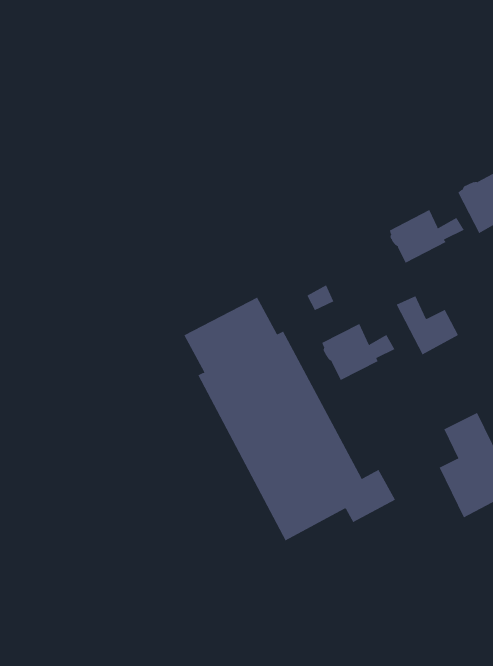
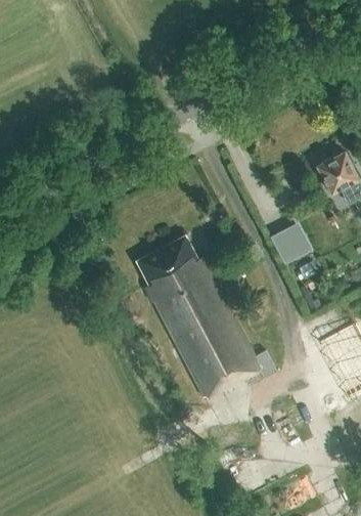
building: [389,209,464,263] -> none
building: [322,323,395,381] -> none

